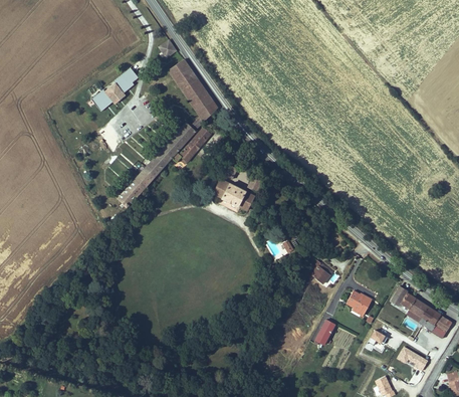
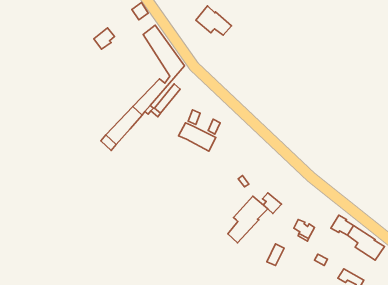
building: none -> [196,6,231,35]
building: [91,82,126,112] -> none
building: none -> [228,196,268,243]

